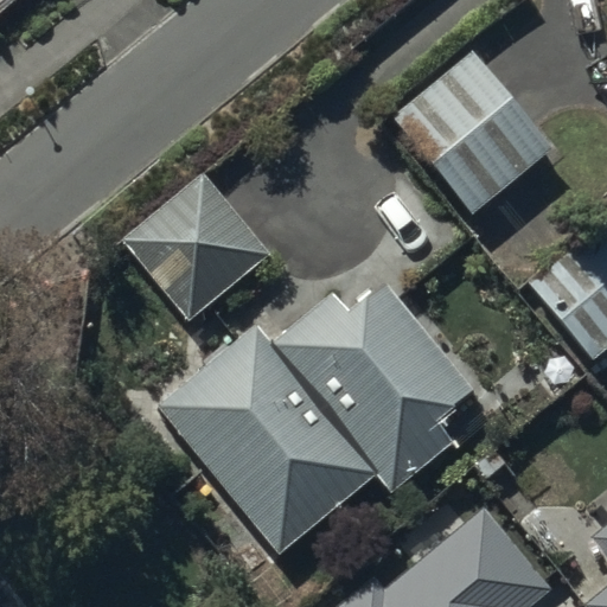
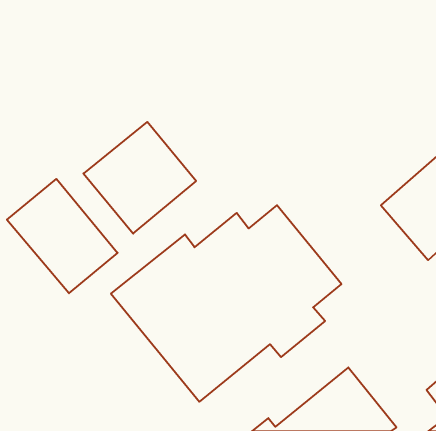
building: [394,52,552,215] -> none
building: none -> [7,179,118,293]

